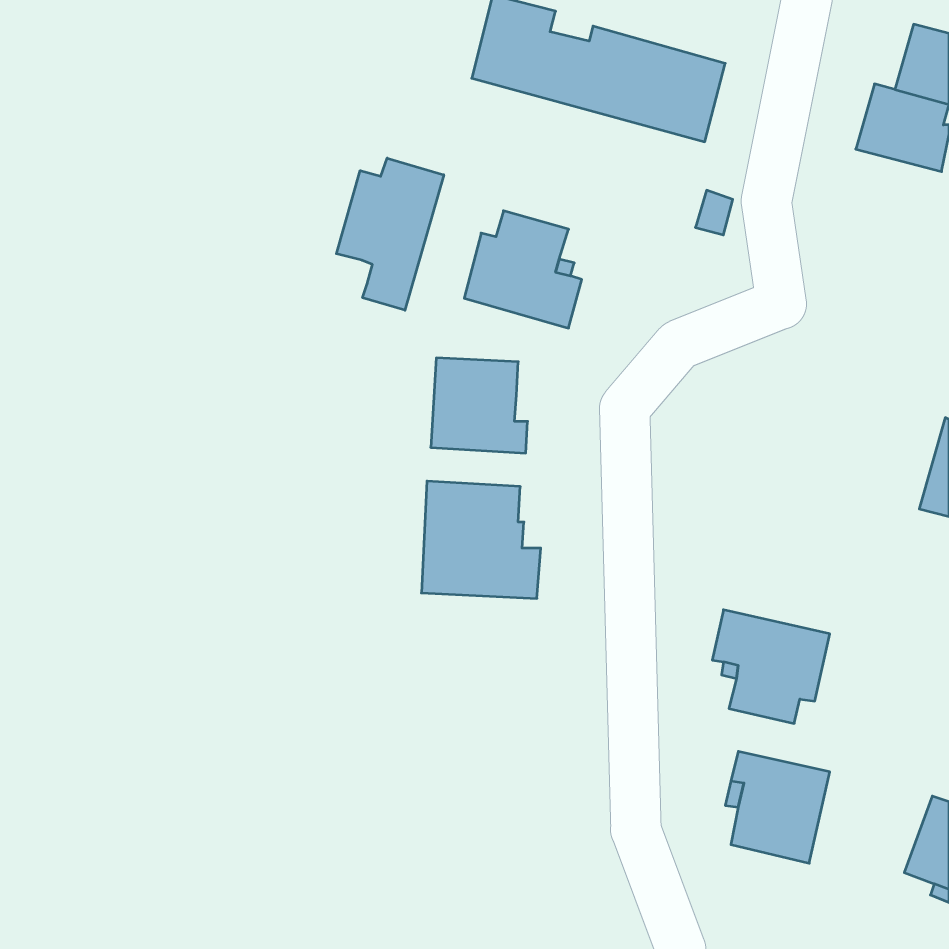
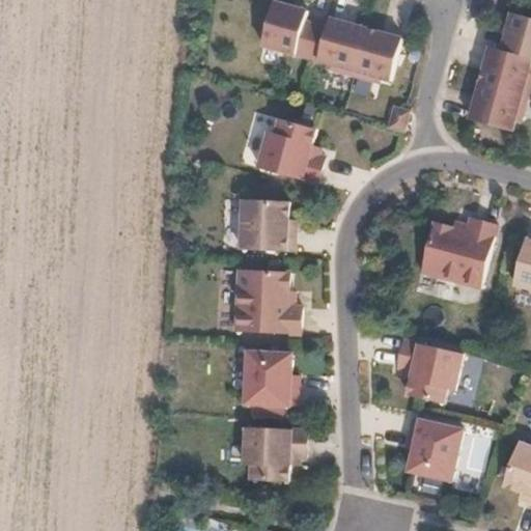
building: none -> [467,83,524,131]
building: [336,158,444,310] -> none
building: none -> [418,217,496,287]
building: none -> [245,351,297,406]
building: none -> [244,426,306,481]

